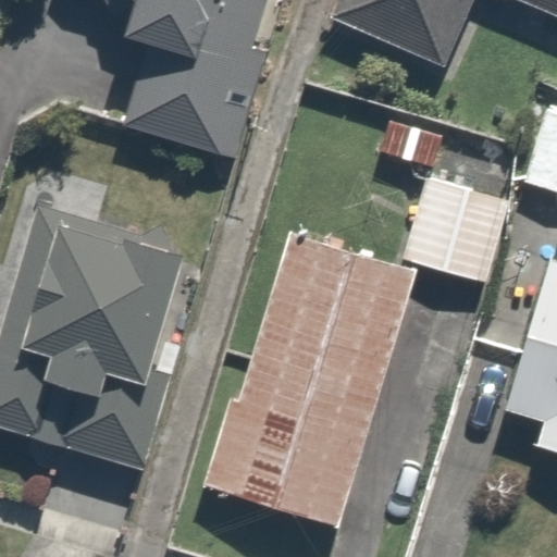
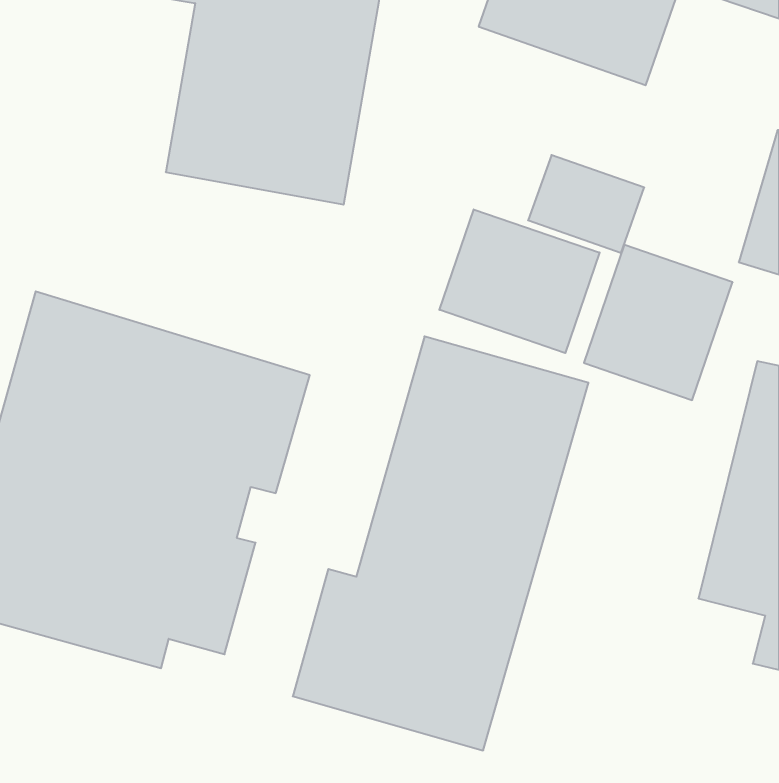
building: none -> [439,209,600,353]

